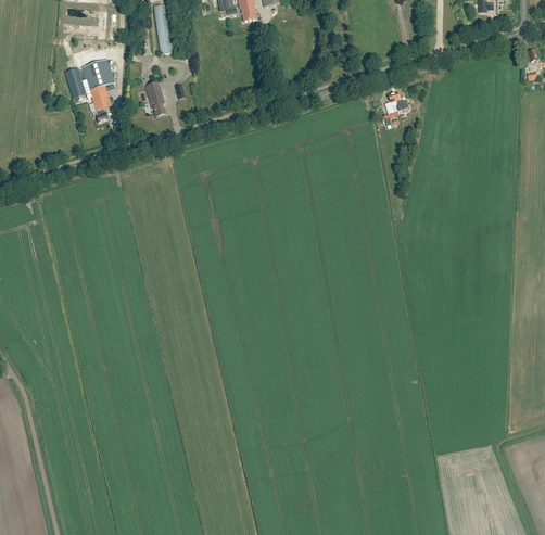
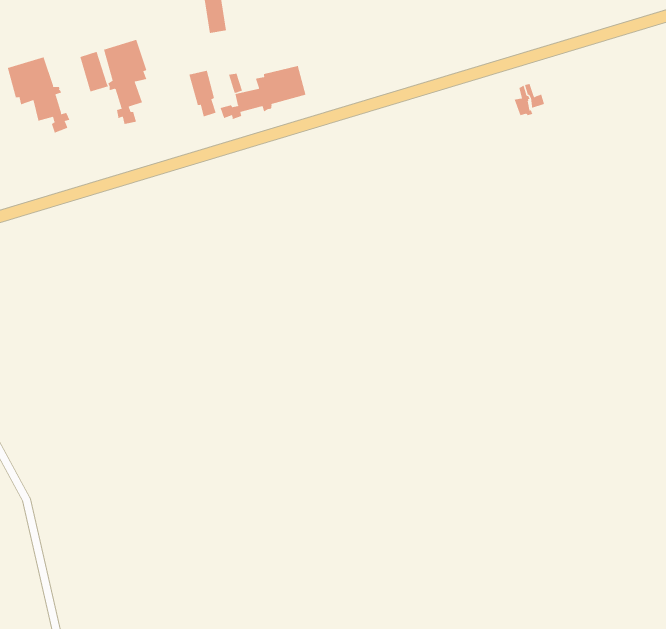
building: none -> [7,56,70,133]
building: none -> [220,65,306,120]

